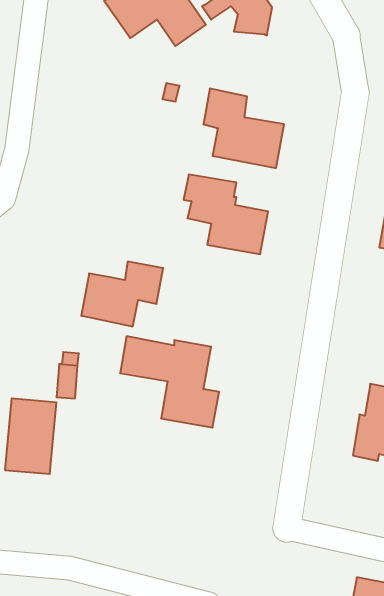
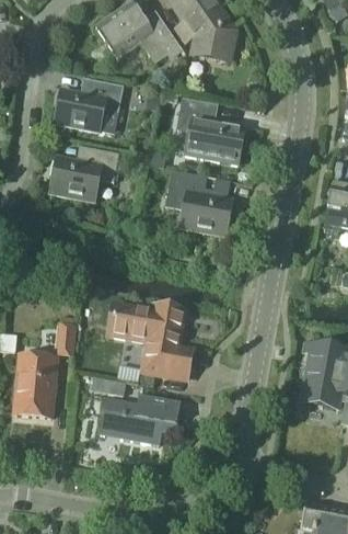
building: none -> [55,79,123,130]
building: [81,262,163,326] -> [50,147,118,201]
building: none -> [100,391,179,444]

